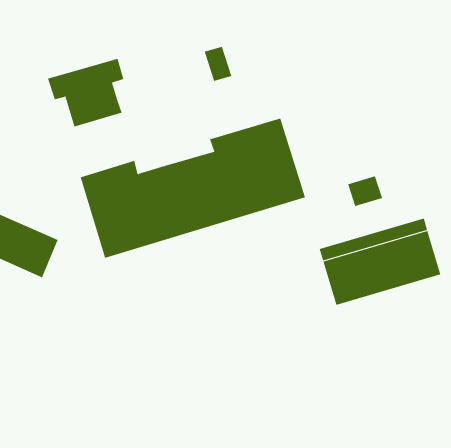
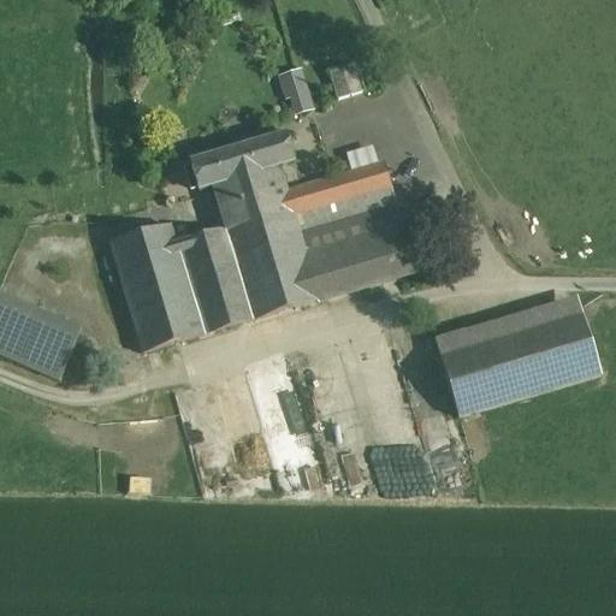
building: none -> [326,60,362,96]
building: [47,58,124,127] -> [188,131,292,225]
building: [347,176,383,207] -> none

